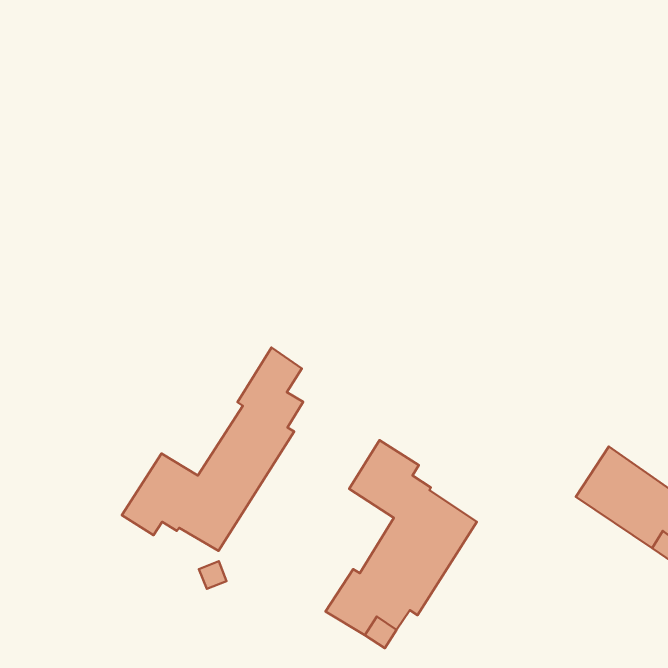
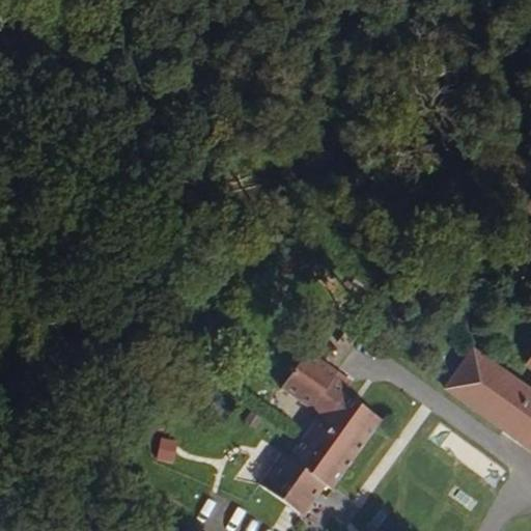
building: [122,348,303,551] -> none

